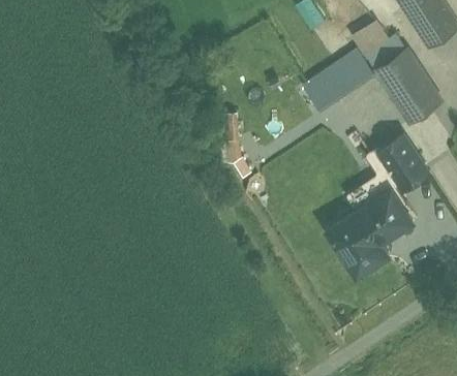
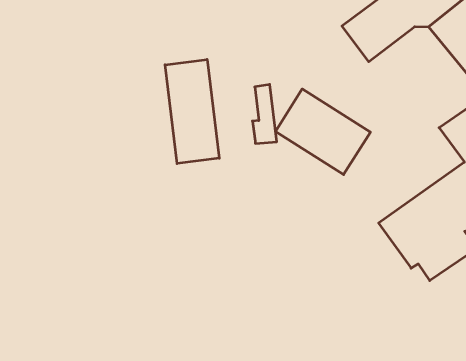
building: none -> [165,59,219,164]
building: none -> [275,89,370,175]

